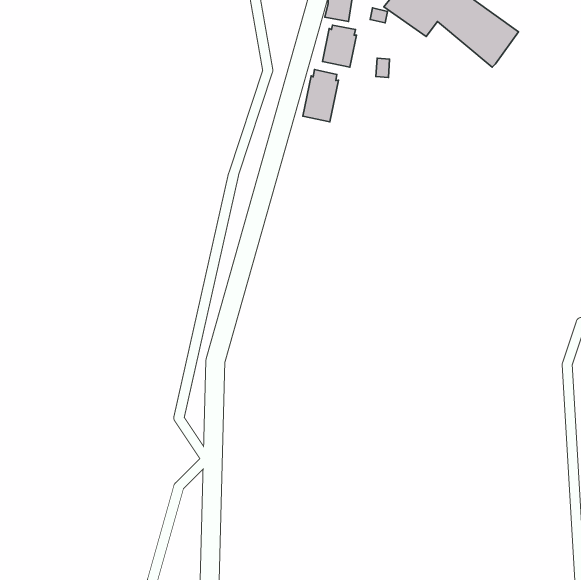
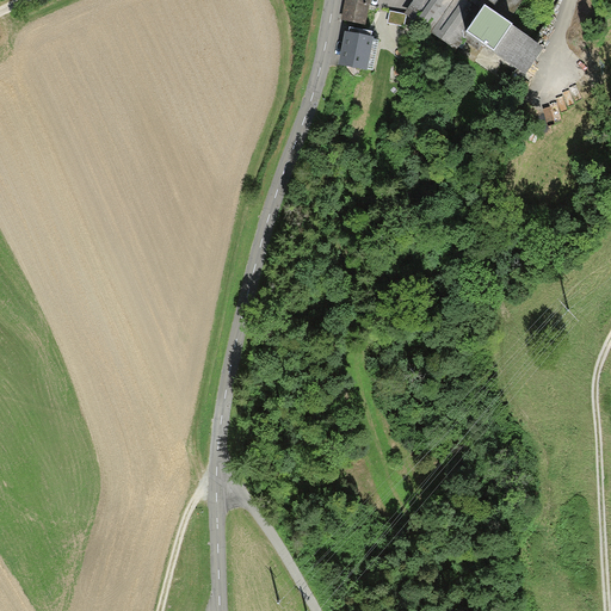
building: [303,70,338,122] -> none

